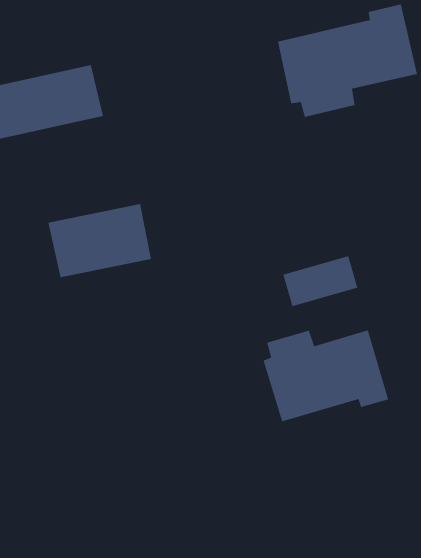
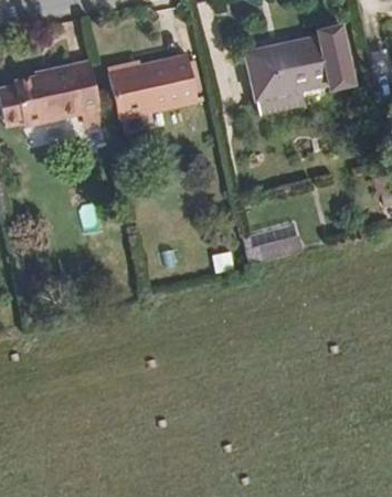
building: [48,204,152,278] -> [110,57,195,118]
building: [263,329,389,422] -> none

